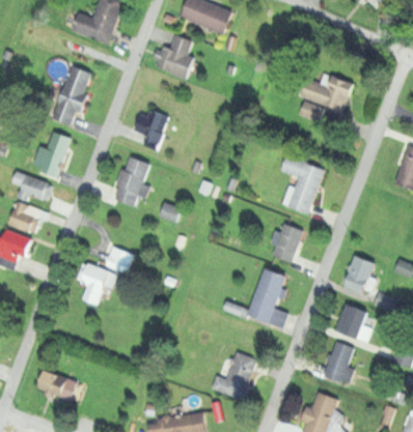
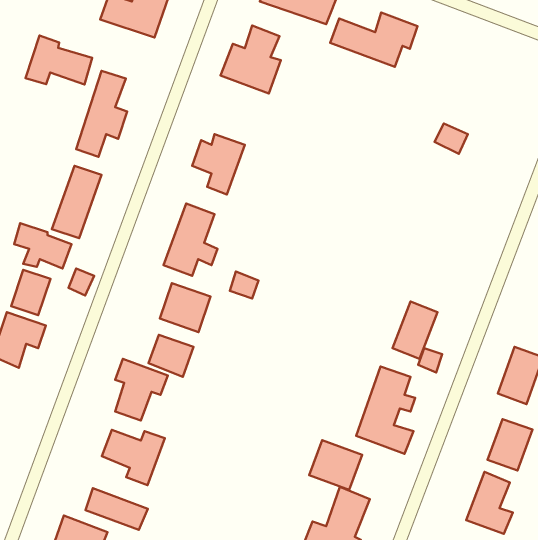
building: none -> [26,35,92,84]
building: [297,75,357,112] -> [330,13,417,67]
building: [280,154,325,211] -> none
building: none -> [160,283,211,332]
building: none -> [102,430,165,485]
building: none -> [309,440,362,490]
building: none -> [86,488,148,530]

